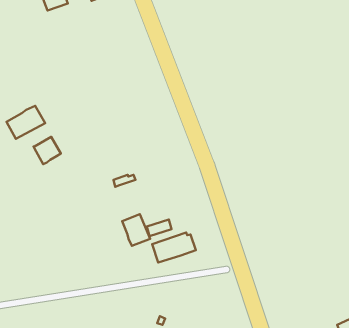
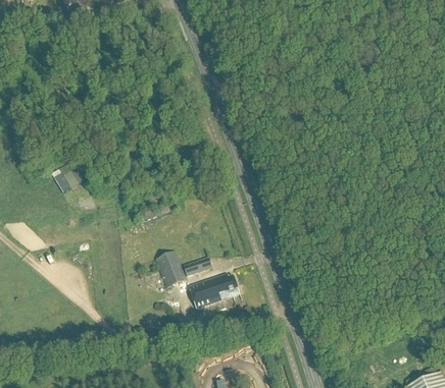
building: [7,106,45,139] -> none

